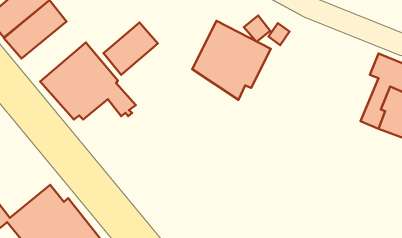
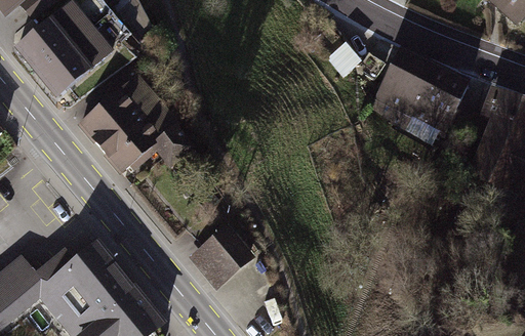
building: [192,21,271,100] -> [371,48,467,143]
building: [104,23,158,75] -> none
building: none -> [193,229,248,284]

